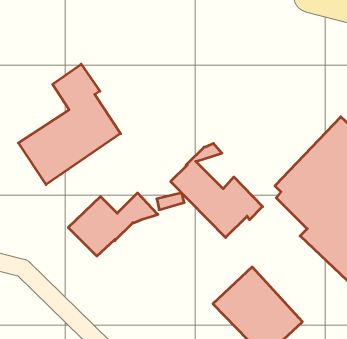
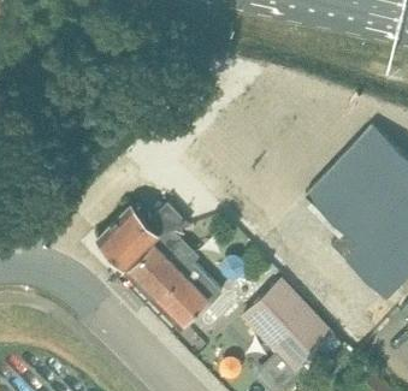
building: [18,64,121,185] -> none
building: [171,143,263,238] -> [129,230,221,325]

